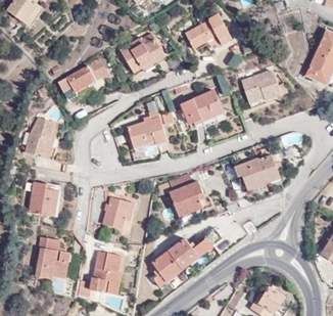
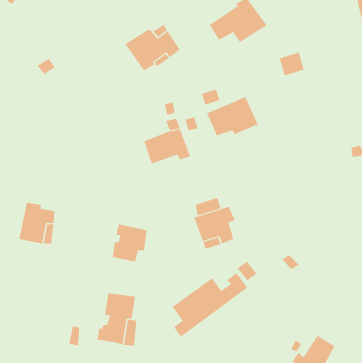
building: [57,59,108,100] -> none
building: [242,72,284,104] -> none
building: [28,118,55,157] -> none
building: [234,154,283,190] -> none
building: [37,236,70,278] -> none

